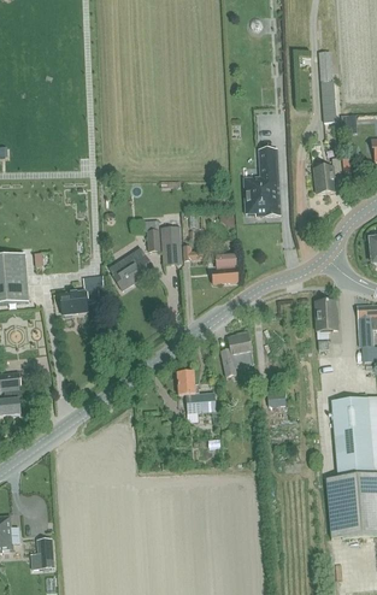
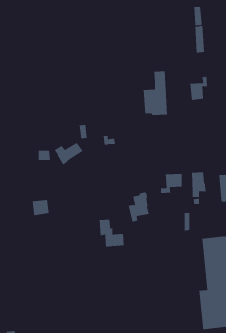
building: [161,225,182,264] -> none
building: [212,252,237,283] -> none
building: [60,290,87,314] -> [32,200,49,216]
building: none -> [160,173,182,194]

